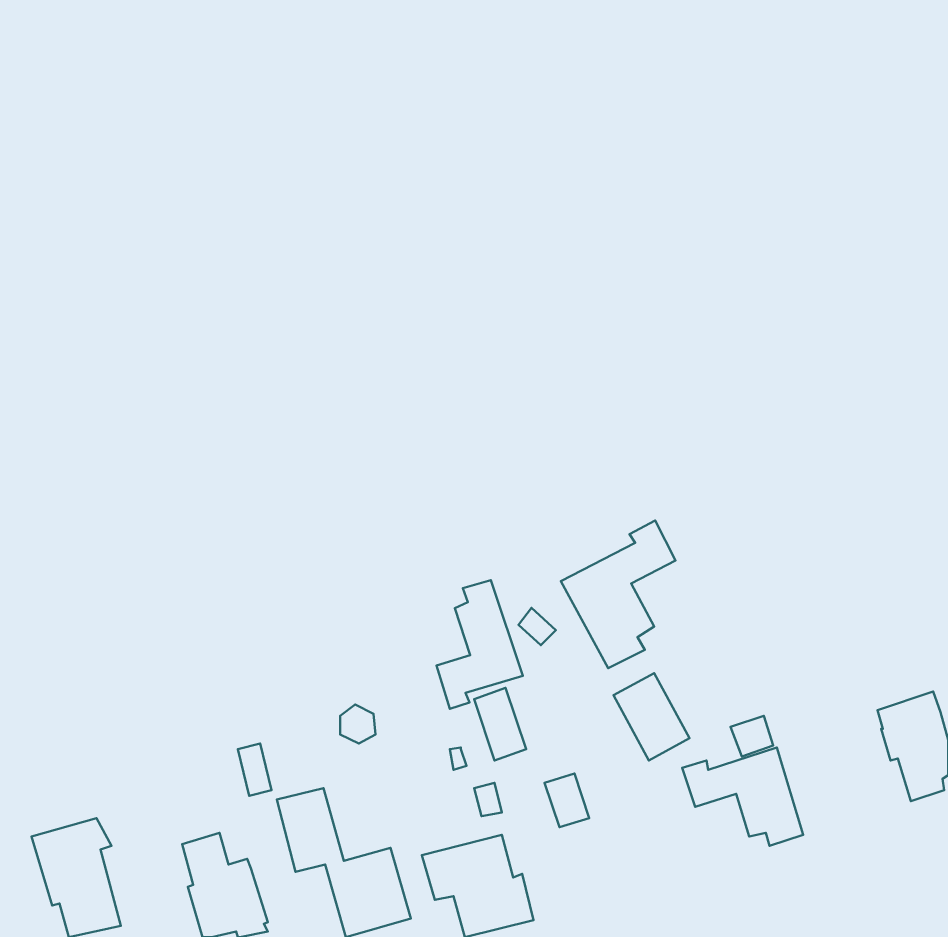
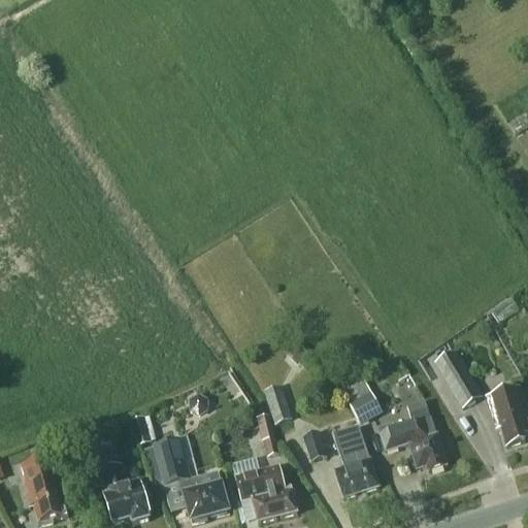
building: [561,520,675,668] -> none
building: [436,580,523,709] -> none
building: none -> [434,346,482,405]
building: none -> [333,423,378,495]

